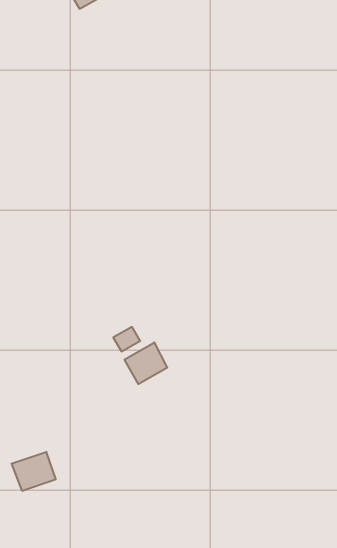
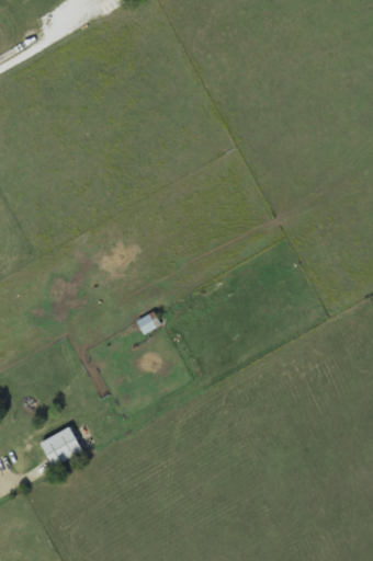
building: [125,342,167,384] -> none

